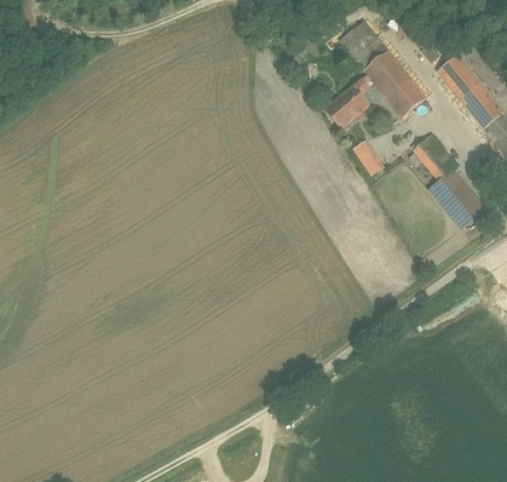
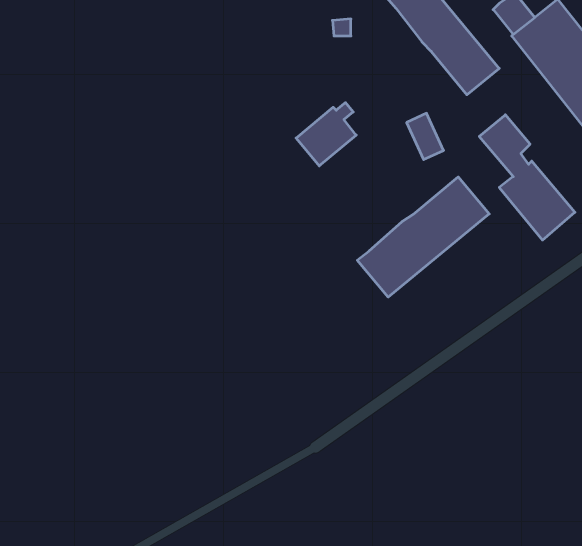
building: [322,80,369,130] -> [296,103,356,166]
building: none -> [357,177,489,297]

